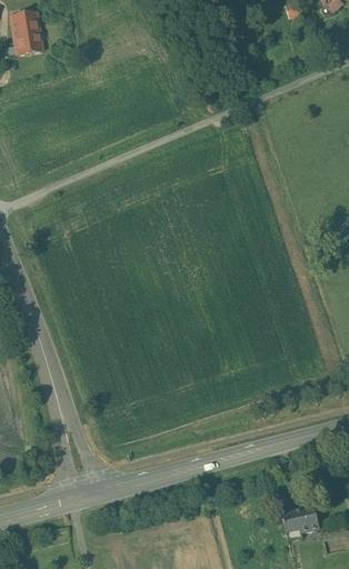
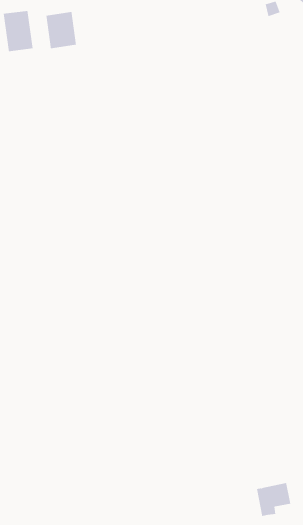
building: none -> [46,11,77,49]

